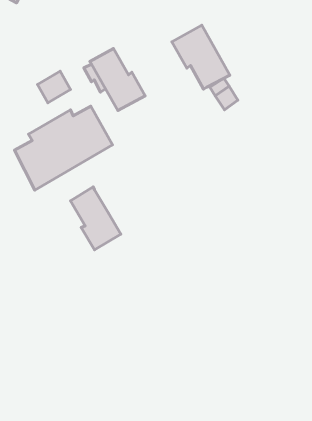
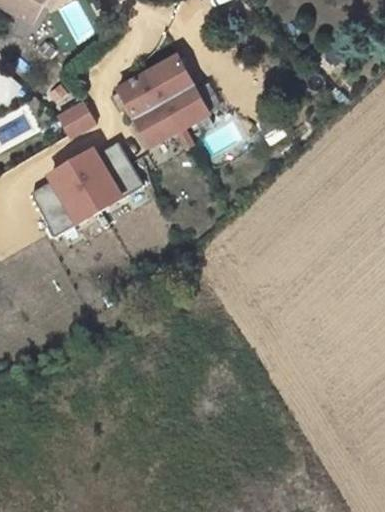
building: [172,25,230,89] -> [144,55,210,128]
building: [70,187,121,250] -> none

